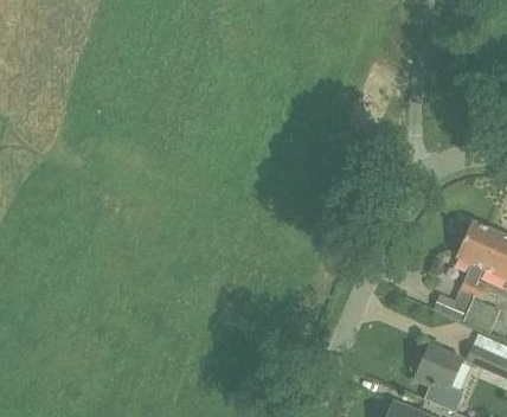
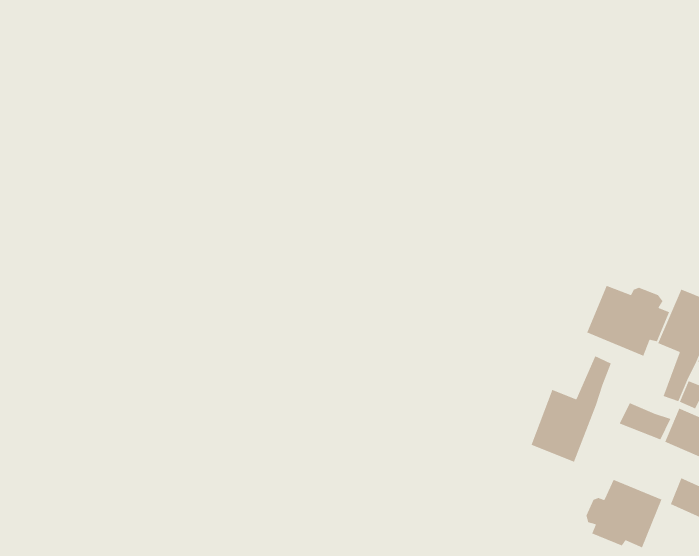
building: none -> [586,285,670,357]
building: none -> [531,355,612,463]

